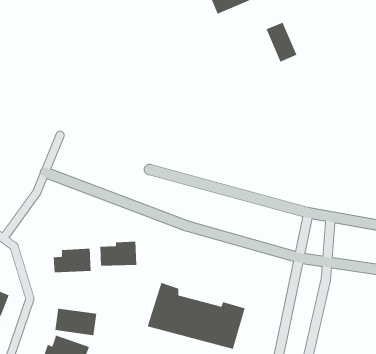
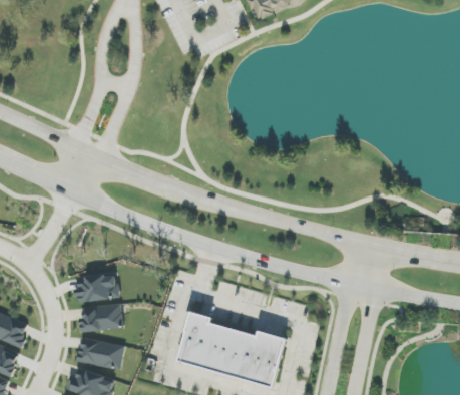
building: [266,22,297,62] -> none
building: [99,241,137,266] -> [80,304,121,331]

